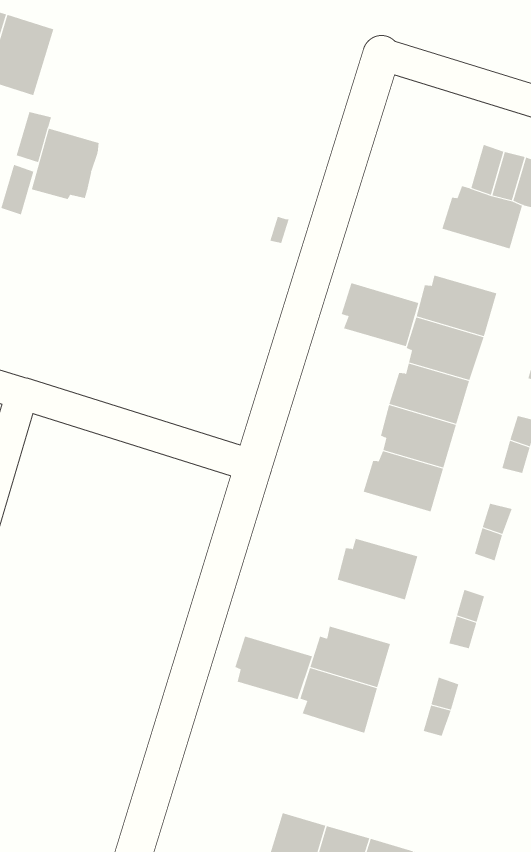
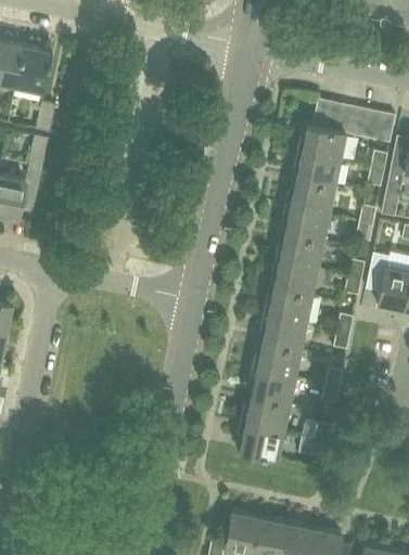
building: [31,128,99,200] -> none
building: [341,283,419,347] -> [293,153,340,189]
building: none -> [259,315,306,351]
building: [235,636,313,700] -> [248,370,295,405]

